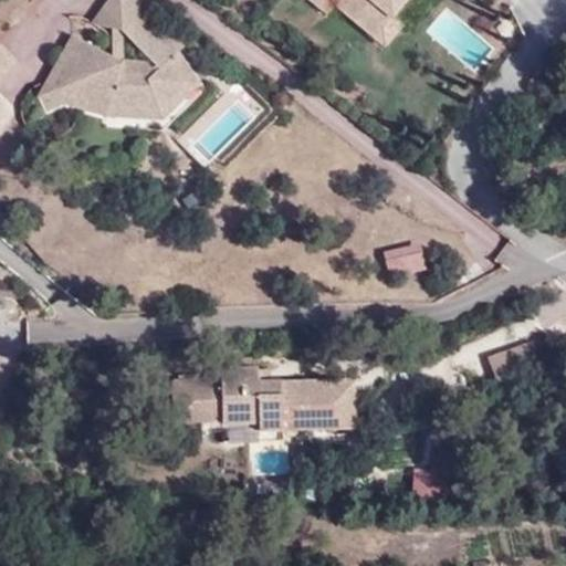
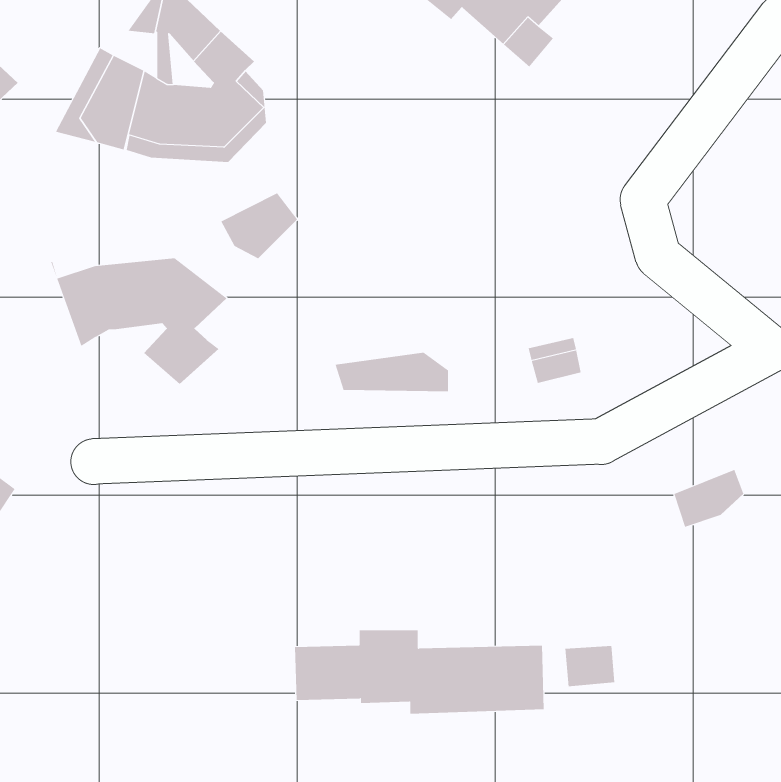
building: none -> [220,192,298,259]
building: none -> [51,258,228,385]
building: none -> [335,352,448,392]
building: [172,373,353,433] -> [294,630,544,714]

